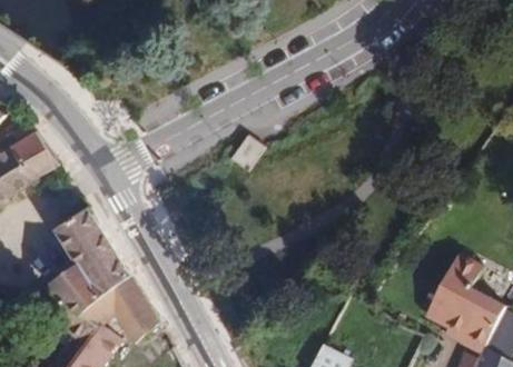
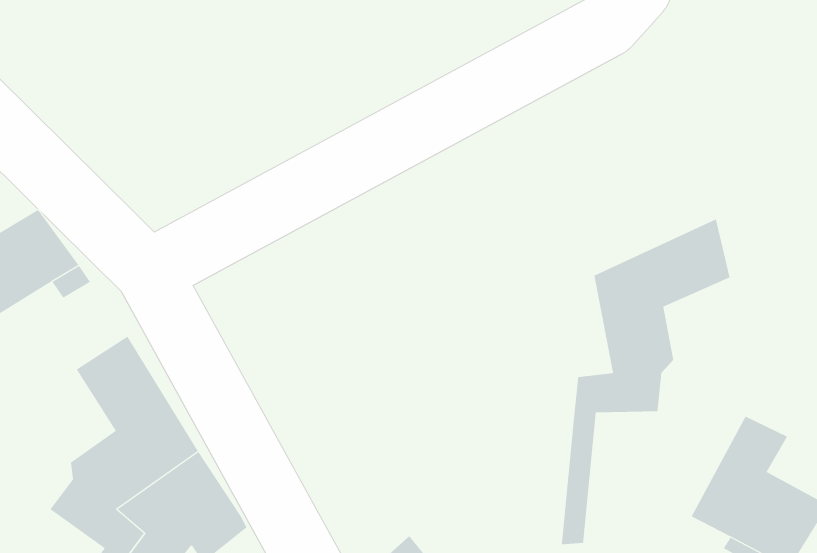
building: none -> [561,219,730,545]

